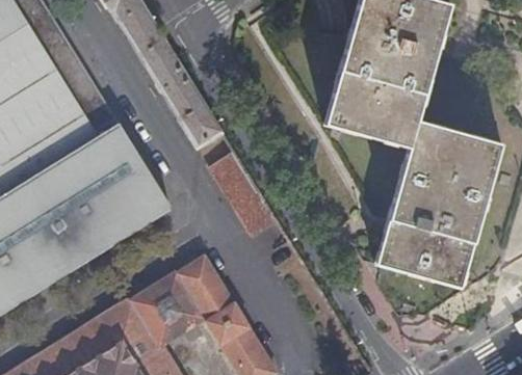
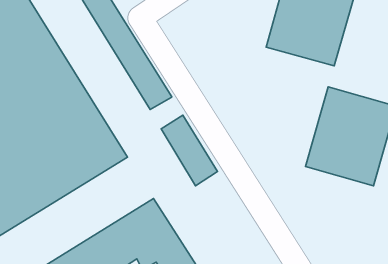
building: [325,71,424,145] -> none
building: [376,218,473,286] -> none

